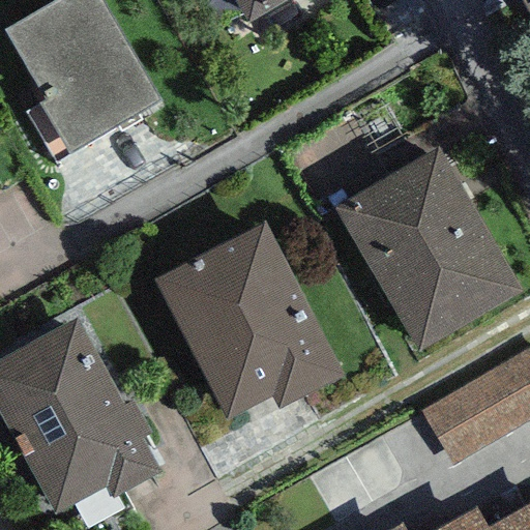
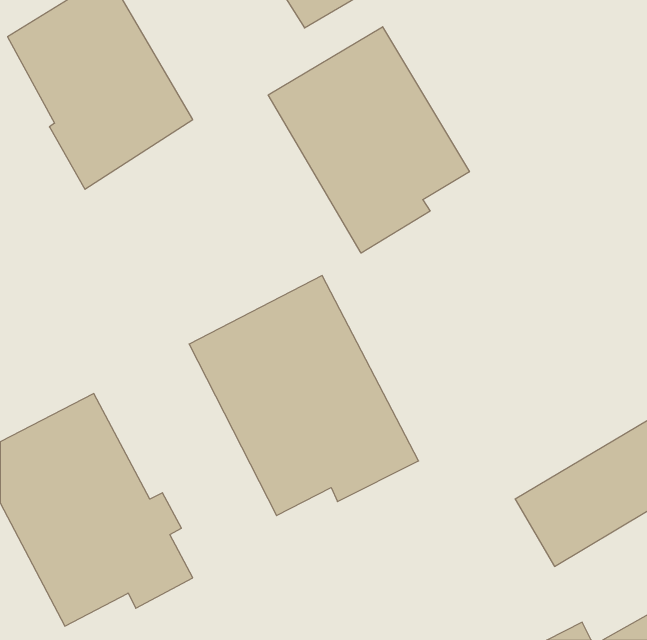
building: none -> [268,27,469,253]
building: [334,148,523,351] -> none

